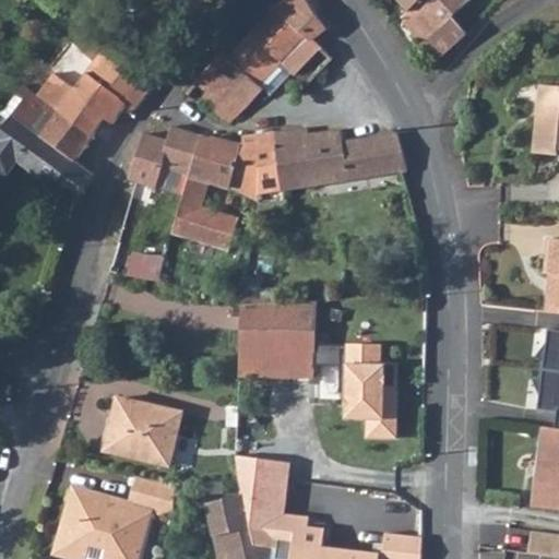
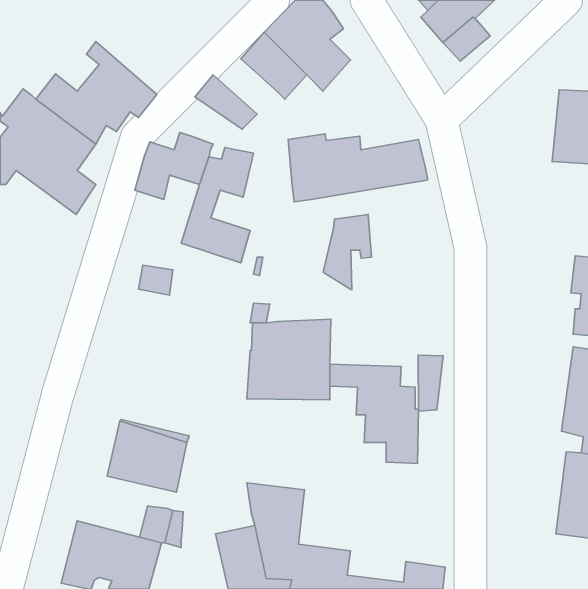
building: [203,49,264,108] -> none
building: [231,132,277,203] -> [323,214,371,289]
building: none -> [418,355,443,411]

